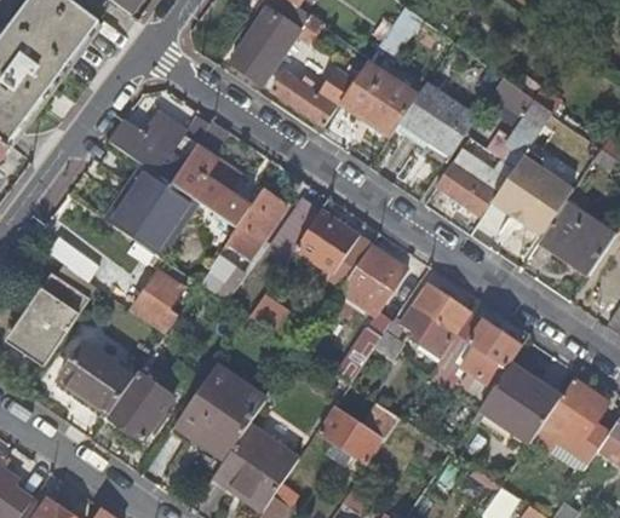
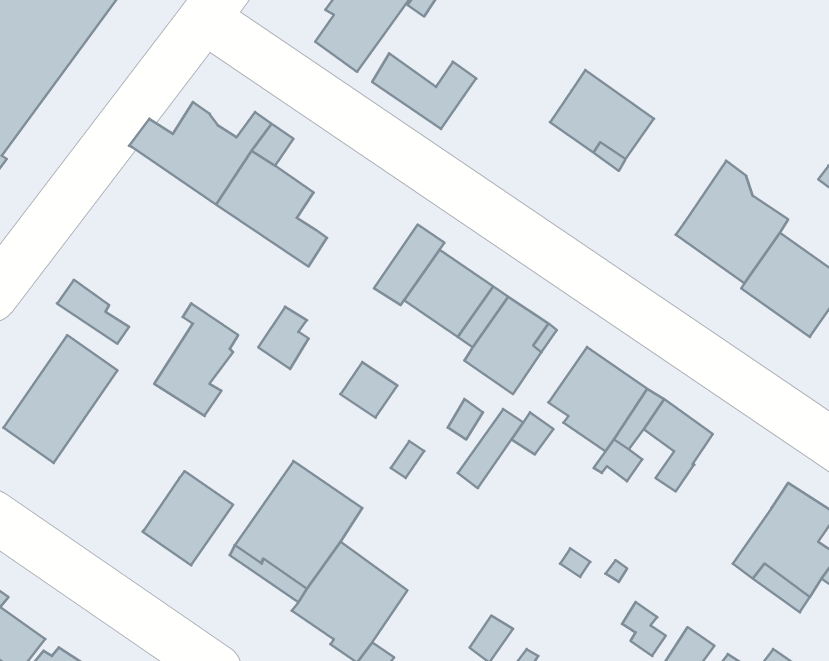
building: [340,62,418,136] -> none
building: [437,77,553,214] -> none
building: [96,166,186,253] -> none
building: [220,185,279,249] -> none
building: [59,343,134,414] -> none
building: [481,363,562,443] -> none
building: [318,402,401,462] -> none

